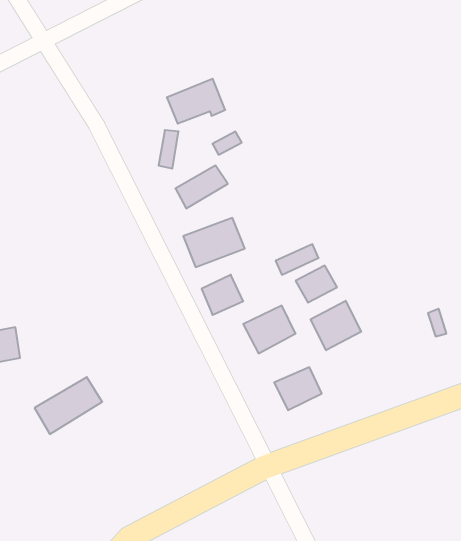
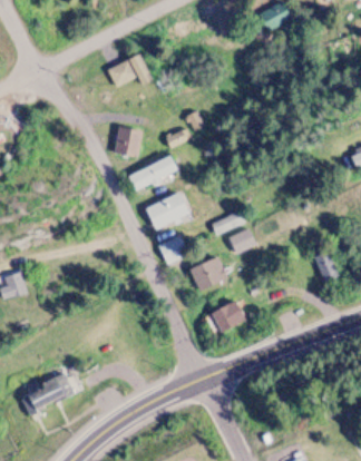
building: [167,79,225,124] -> [107,56,149,88]
building: [311,301,361,350] -> none
building: [35,377,102,434] -> [25,373,74,414]

